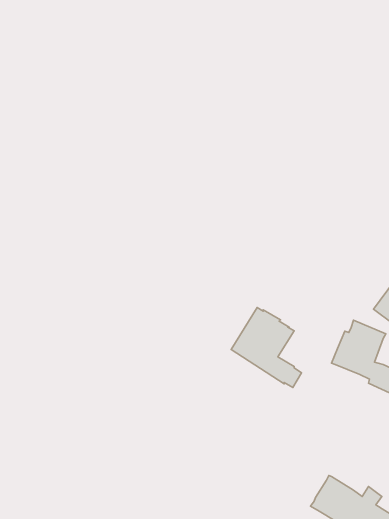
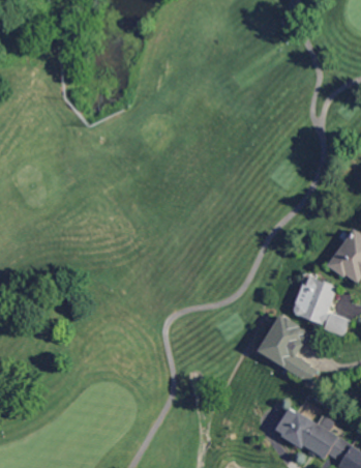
building: [231,307,301,388] -> [258,316,317,383]

